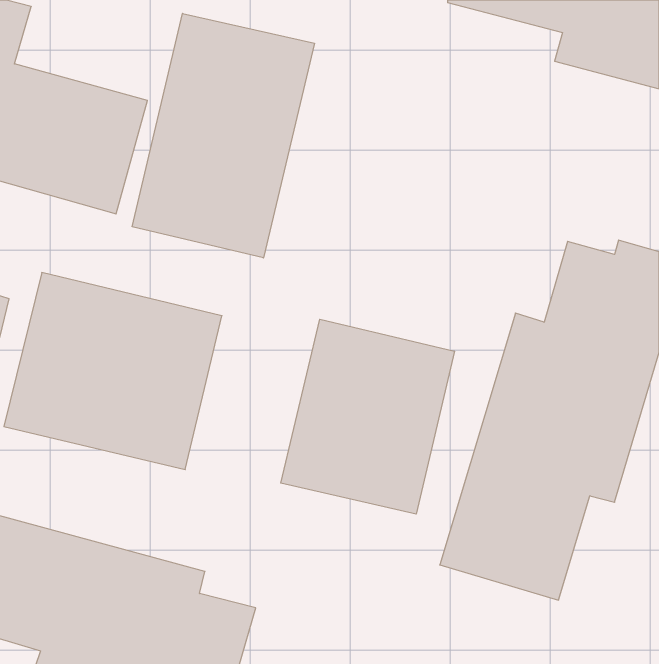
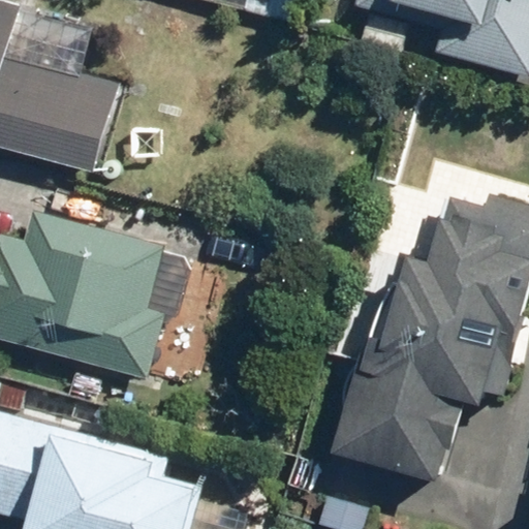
building: [132,13,314,258] -> none
building: [281,319,455,514] -> none

